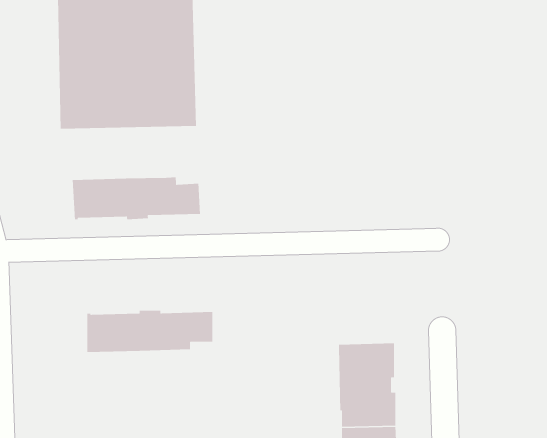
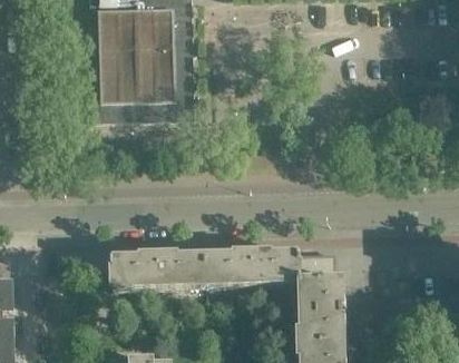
building: [72,177,201,220] -> none
building: none -> [204,249,340,282]

